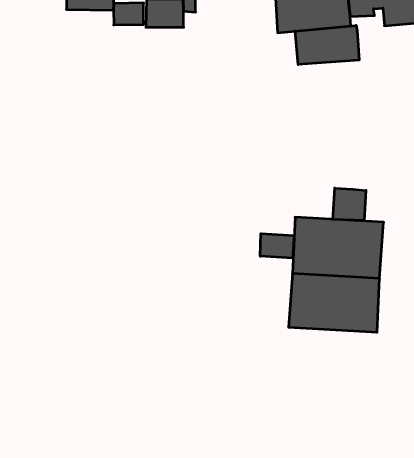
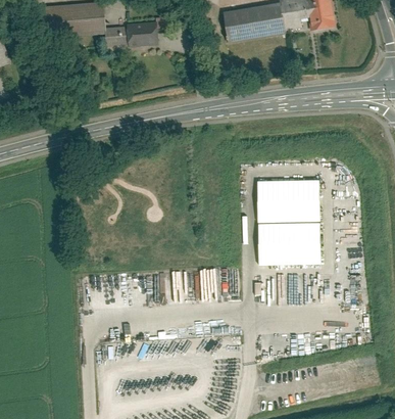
building: [295,25,359,65] -> none
building: [333,188,366,221] -> none
building: [260,234,294,258] -> none

